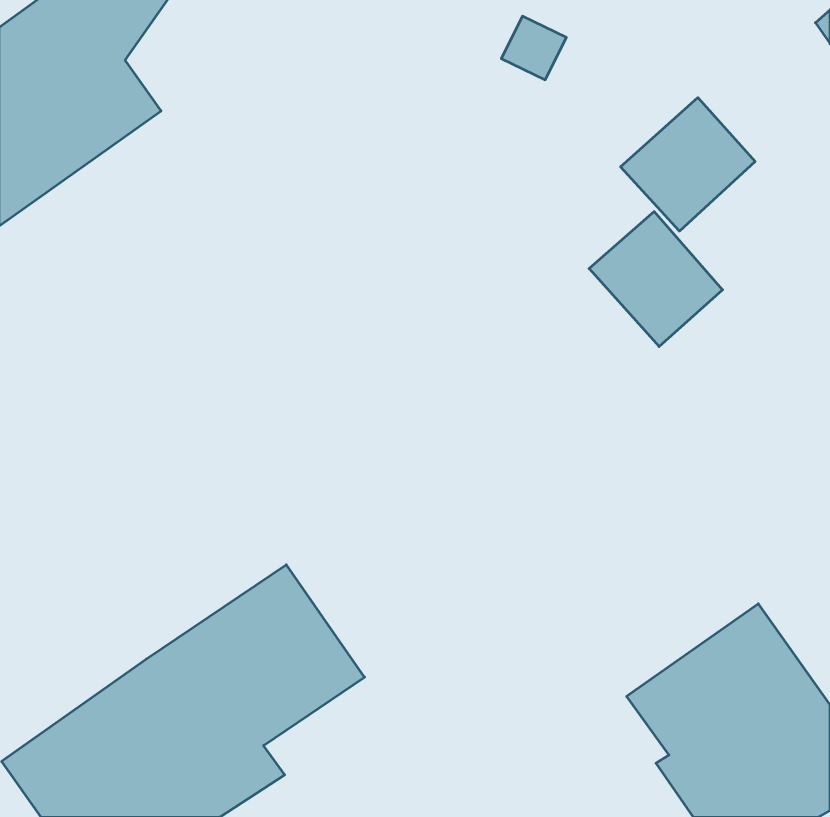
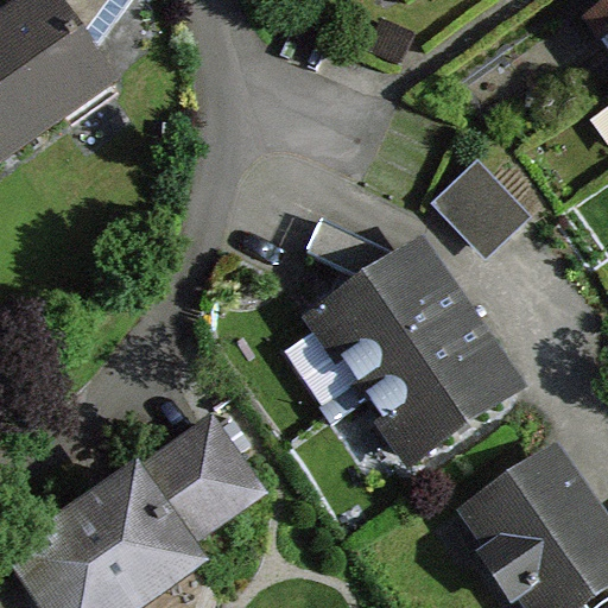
building: [621,98,755,231] -> none
building: none -> [298,238,526,466]

